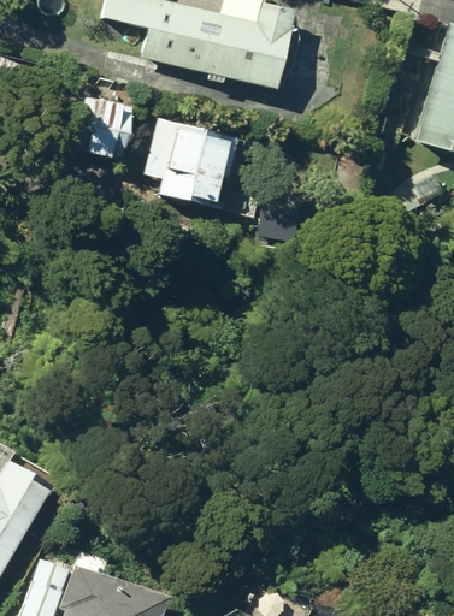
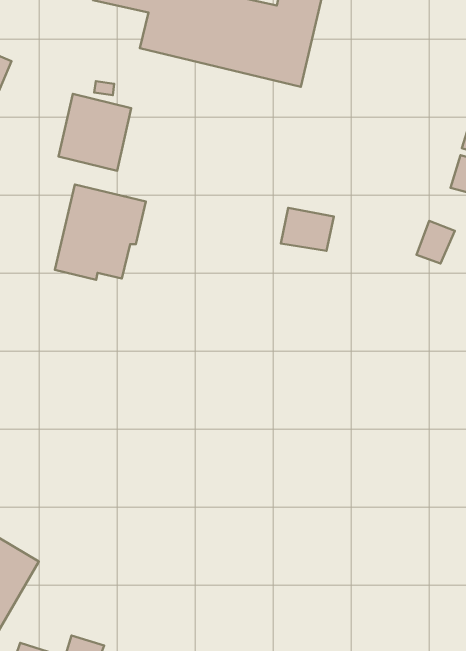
building: [158,123,235,203] -> [55,184,146,280]

